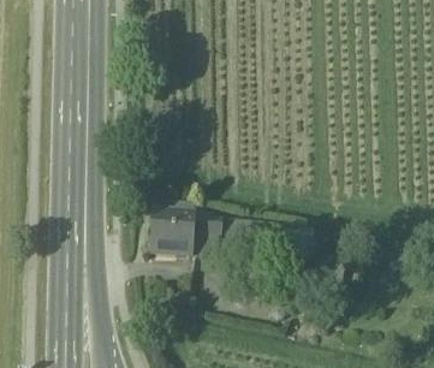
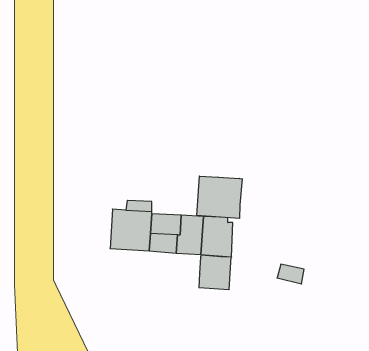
building: none -> [197,176,242,218]
building: none -> [199,255,231,290]

